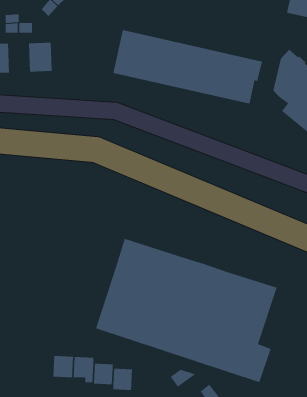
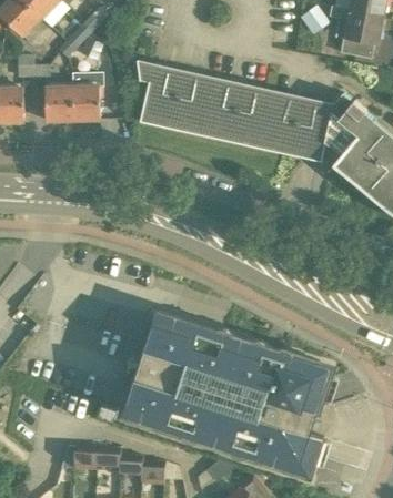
building: none -> [71,72,102,119]
building: none -> [299,108,341,164]

